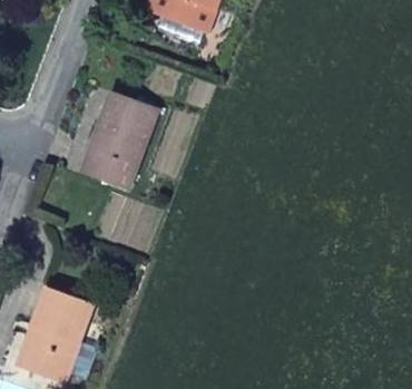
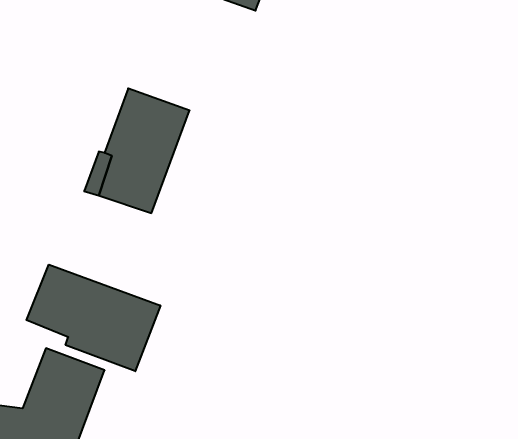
building: none -> [26,265,160,371]

